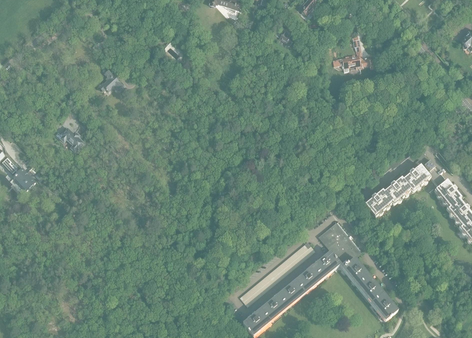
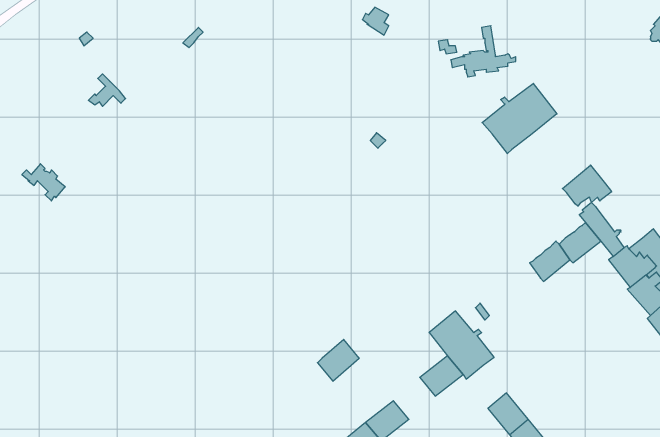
building: none -> [482,83,557,154]
building: none -> [562,165,612,206]
building: [363,189,390,216] -> none
building: [341,257,368,285] -> none
building: [295,265,322,292] -> [317,339,359,381]

